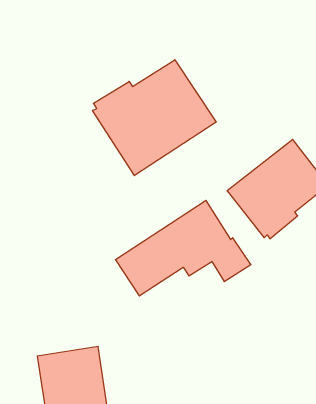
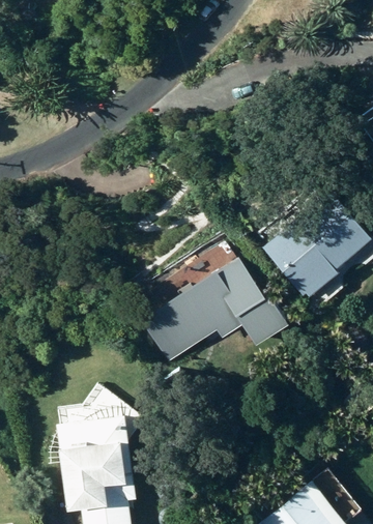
building: [93,60,216,176] -> none

